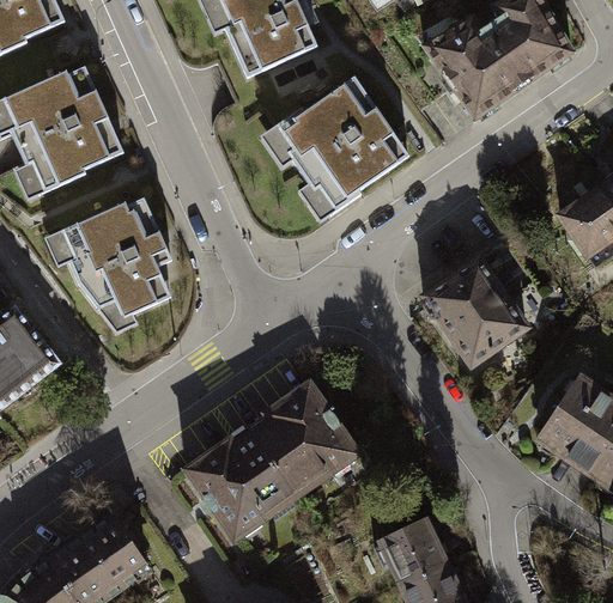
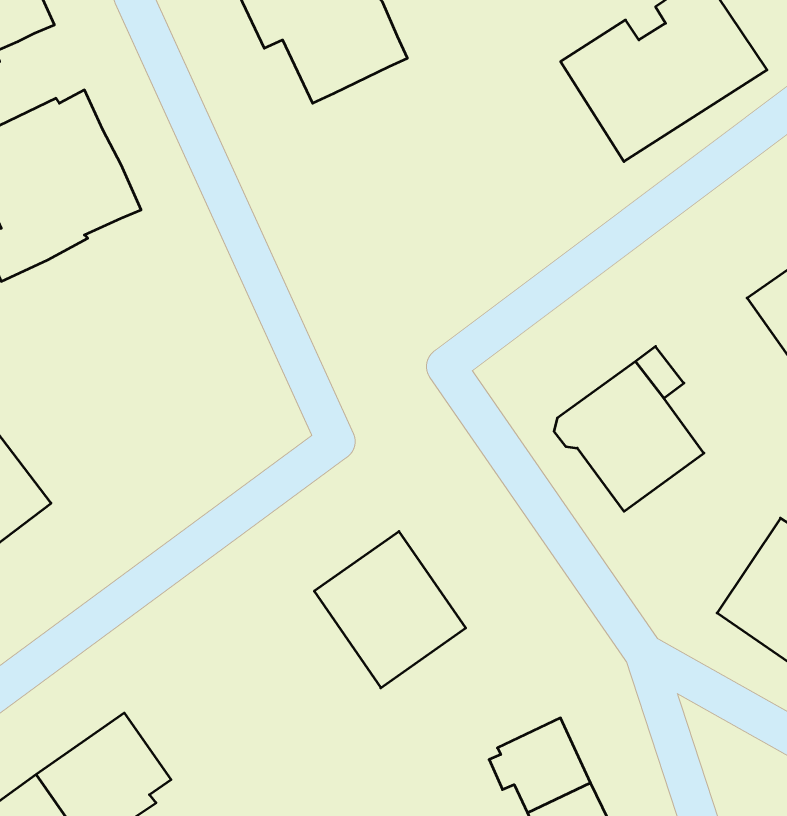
building: [260,78,407,212] -> none
building: [44,197,177,335] -> none
building: [187,426,297,537] -> none

